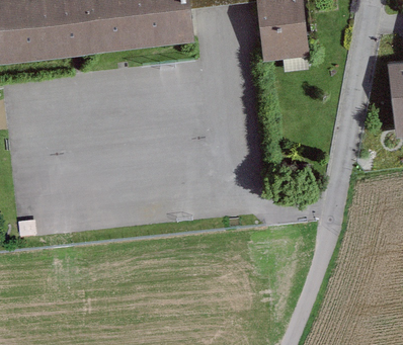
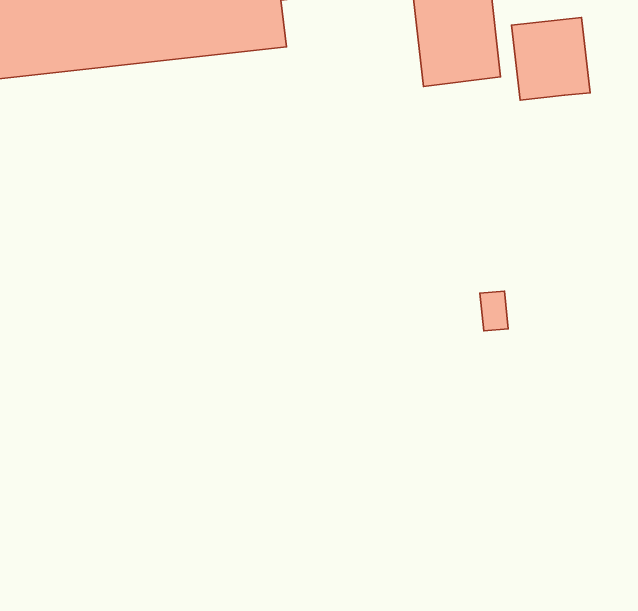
building: none -> [512,18,590,100]

